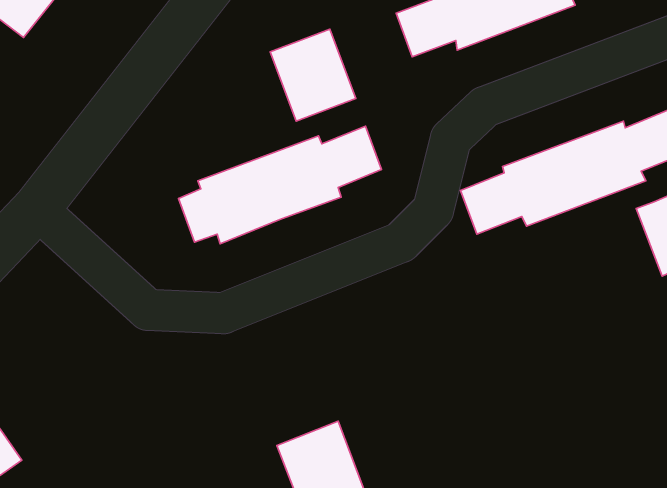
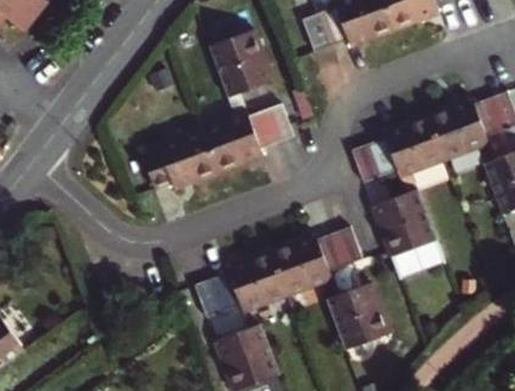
building: none -> [372,188,445,275]
building: none -> [193,226,363,318]
building: none -> [326,282,390,349]

